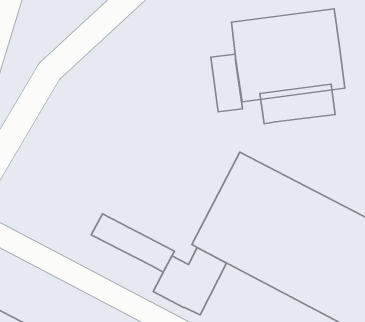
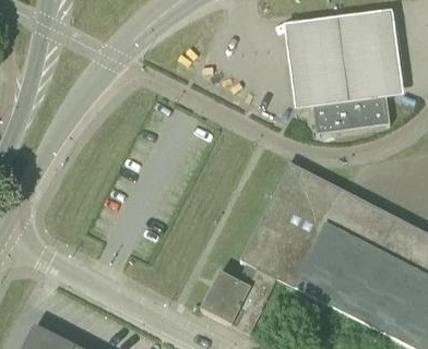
building: [211,54,242,112] -> none
building: [91,214,174,272] -> none

